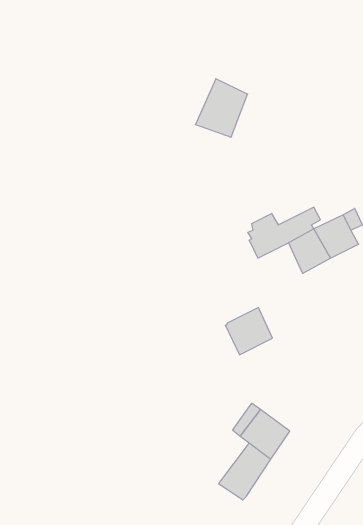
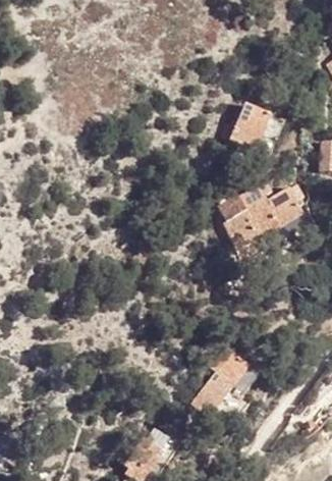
building: [195,79,248,137] -> [229,102,271,149]
building: [225,308,272,355] -> [222,212,260,250]

